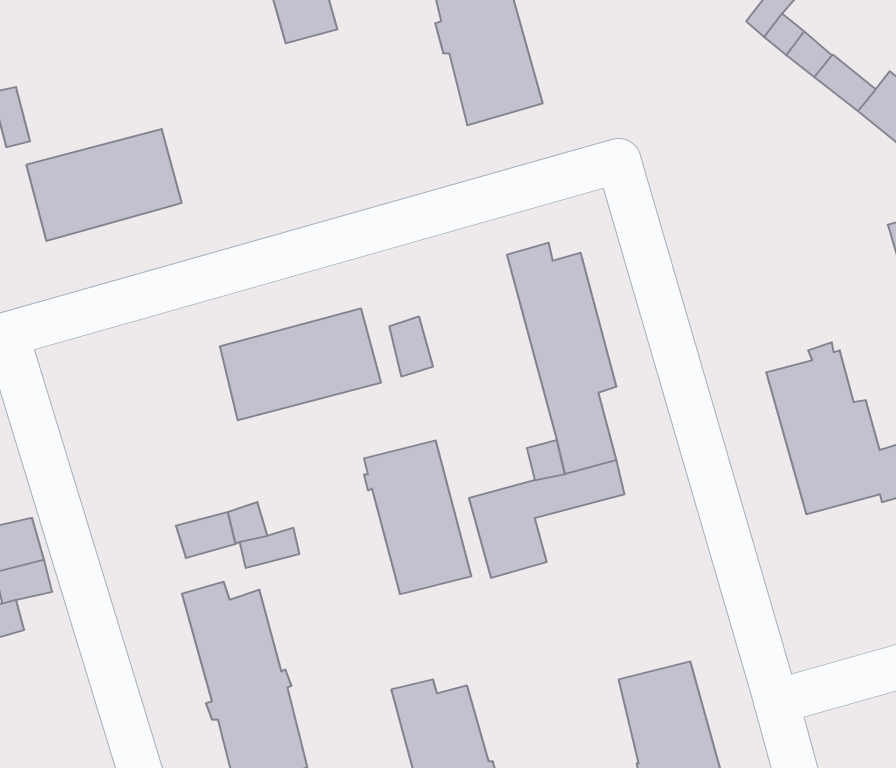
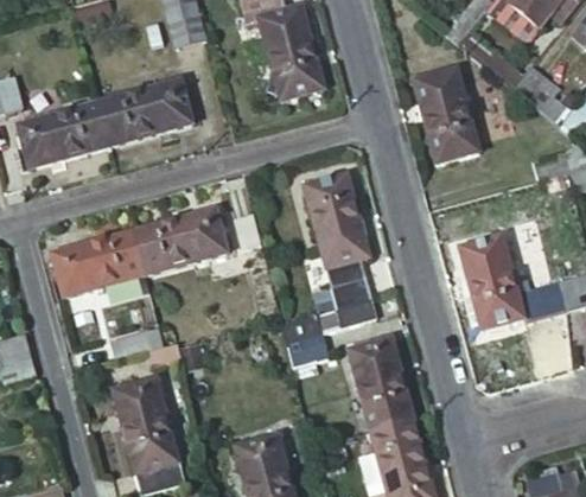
building: none -> [410,63,479,164]
building: none -> [97,79,191,146]
building: none -> [51,231,142,297]
building: [364,440,472,594] -> [348,338,412,429]

